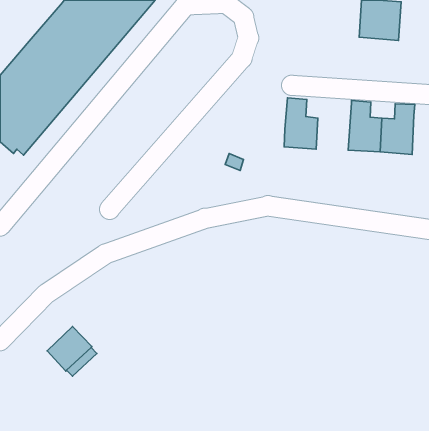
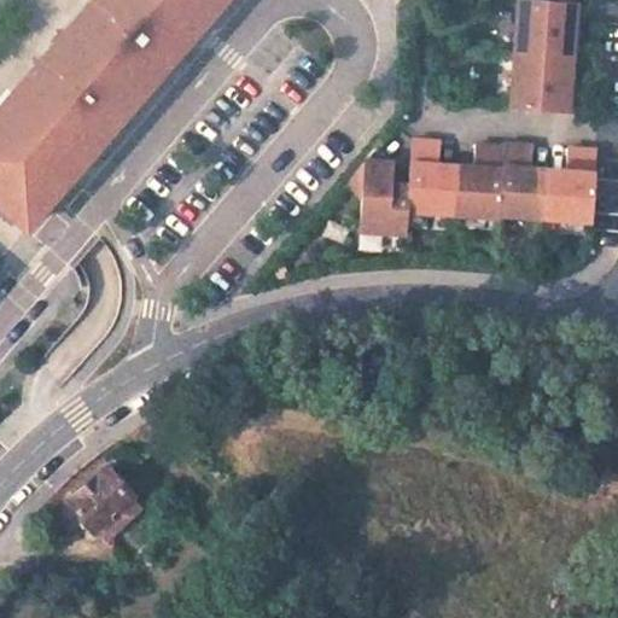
building: none -> [513,53,573,112]
building: none -> [455,145,506,217]
building: none -> [354,158,410,233]

